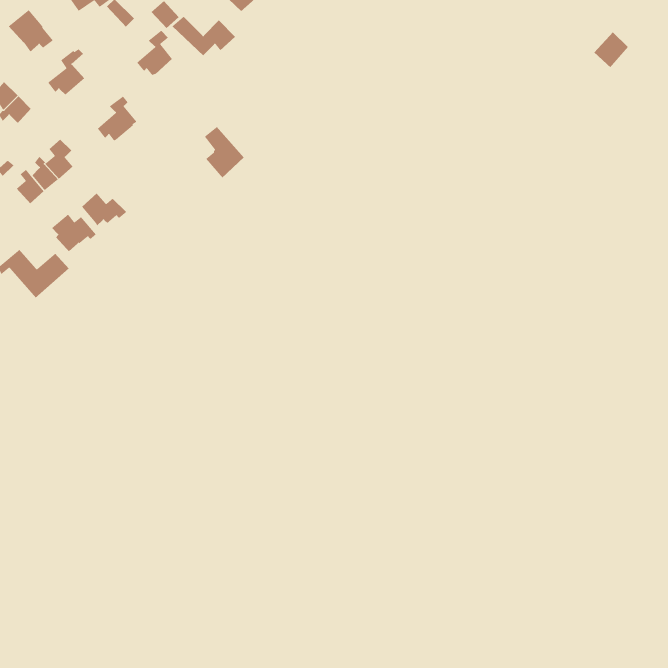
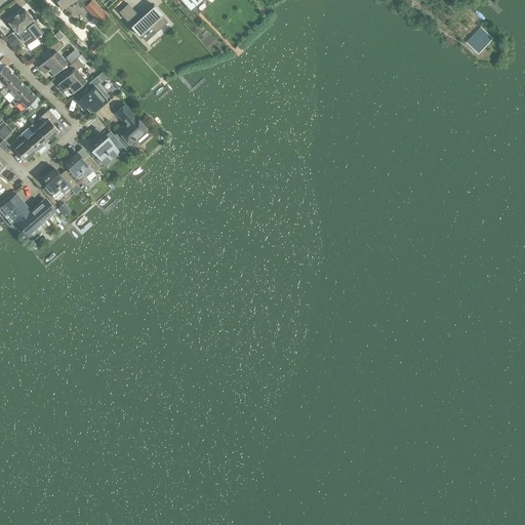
building: [136,30,173,76] -> [56,57,85,93]
building: none -> [8,85,36,117]
building: [204,126,244,179] -> [114,104,146,145]
building: none -> [88,132,124,158]

